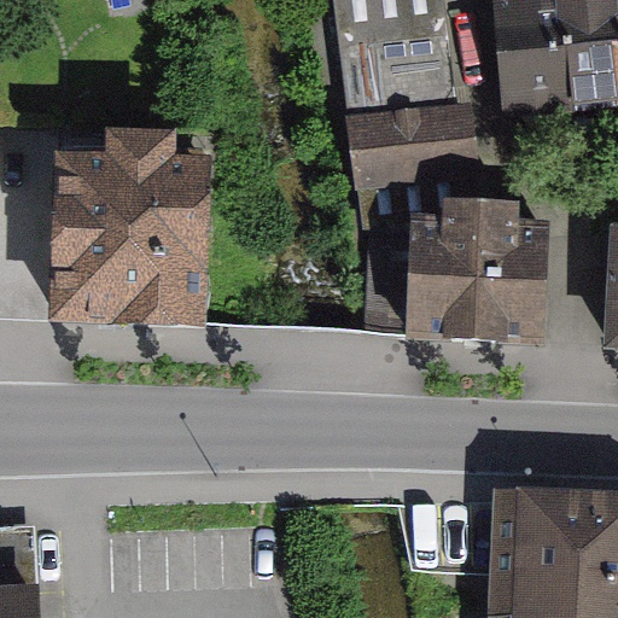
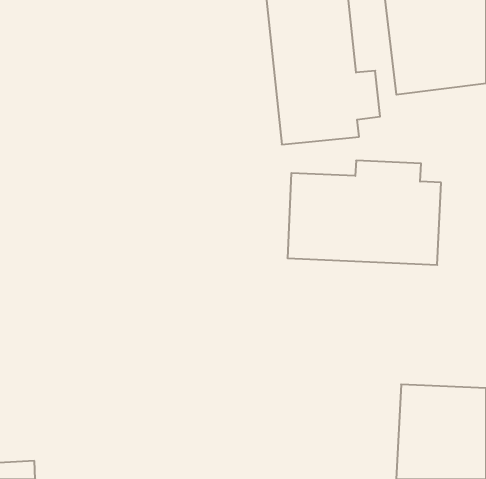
building: [56,133,203,317] -> none

